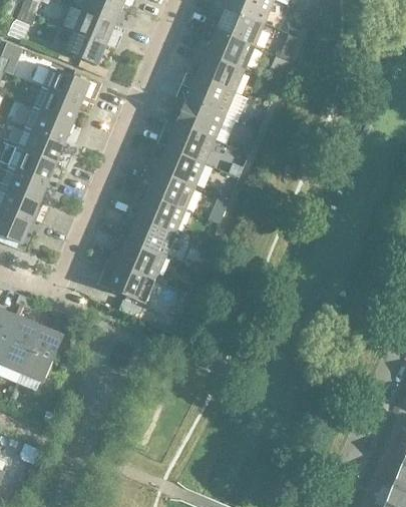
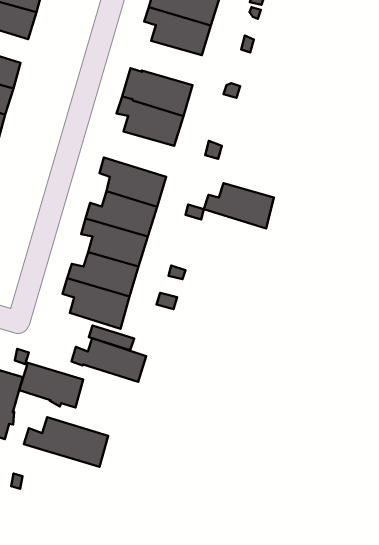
building: [176,77,235,116] -> none
building: [147,147,205,187] -> [204,183,274,229]
building: none -> [72,338,146,382]
building: none -> [19,363,83,407]
building: none -> [24,417,108,467]

